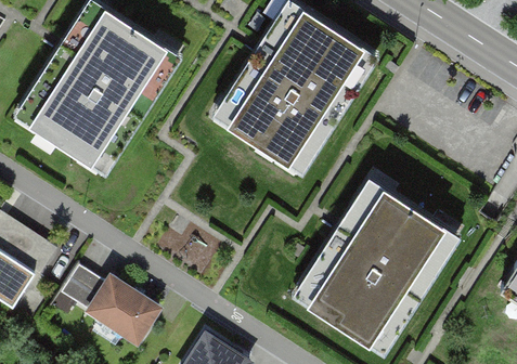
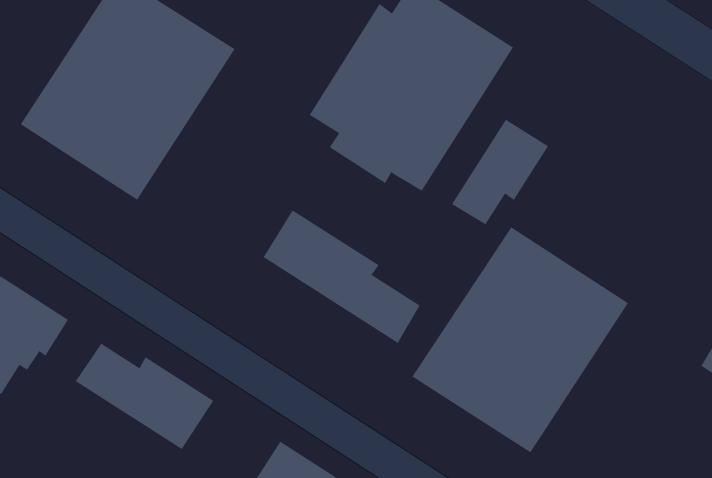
building: none -> [451,119,549,225]
building: none -> [263,209,421,344]

